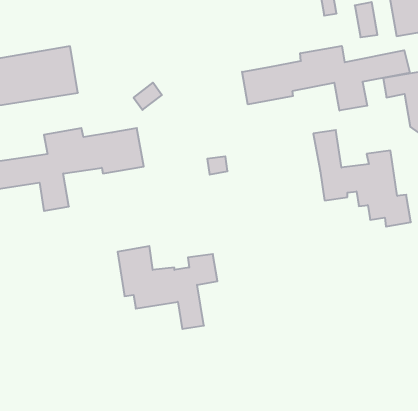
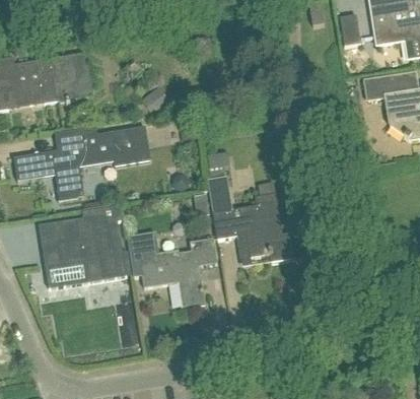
building: [242,46,410,111] -> none
building: [313,130,411,227] -> [207,176,294,262]
building: none -> [39,205,127,284]

